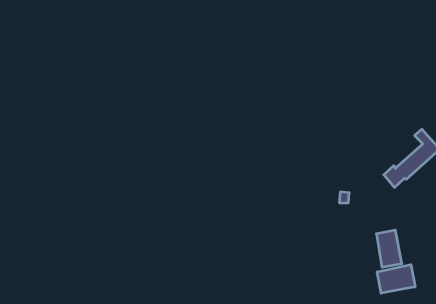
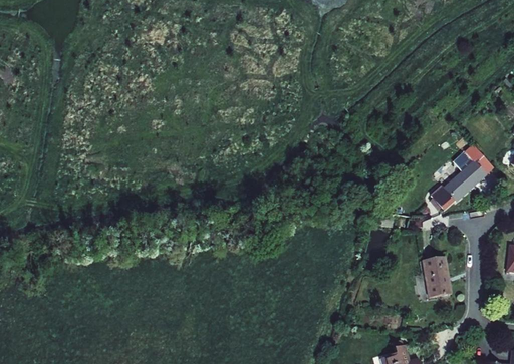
building: [377,265,415,293] -> none

